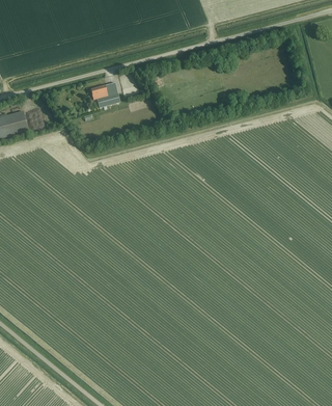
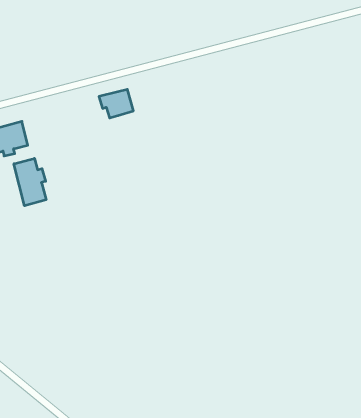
building: none -> [14,158,46,206]

